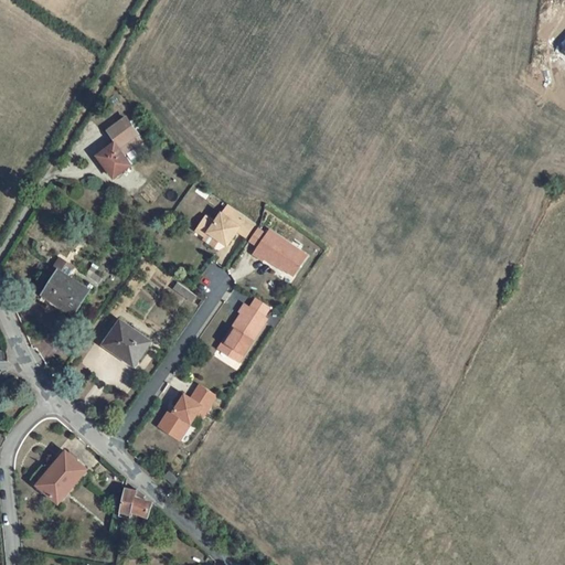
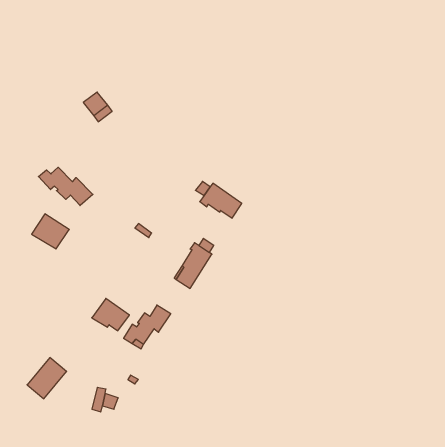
building: [95,142,127,177] -> none
building: [193,210,253,245] -> none
building: none -> [38,167,93,206]
building: [100,320,148,361] -> [92,298,129,331]

